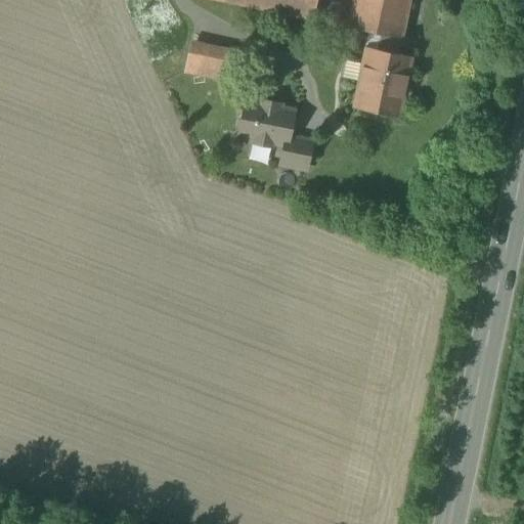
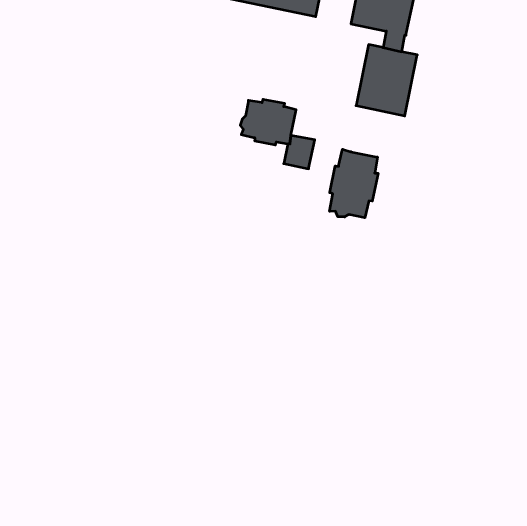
building: [186,49,233,79] -> none
building: none -> [330,149,378,218]

